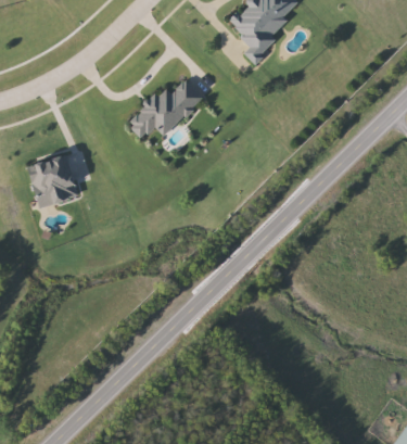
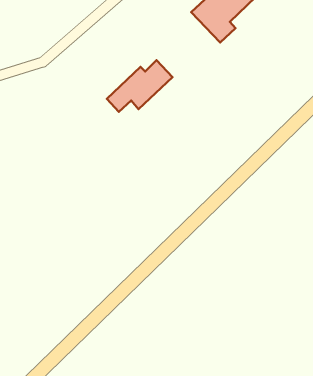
building: [29,151,86,203] -> none

